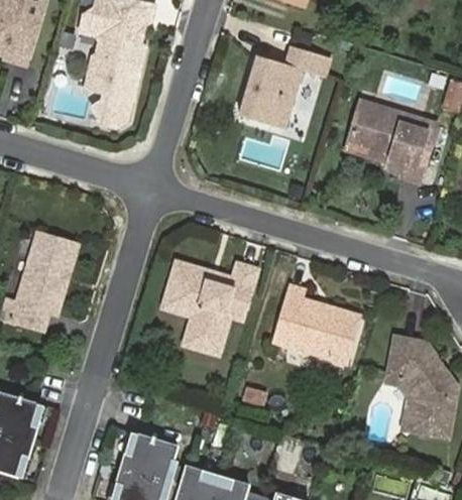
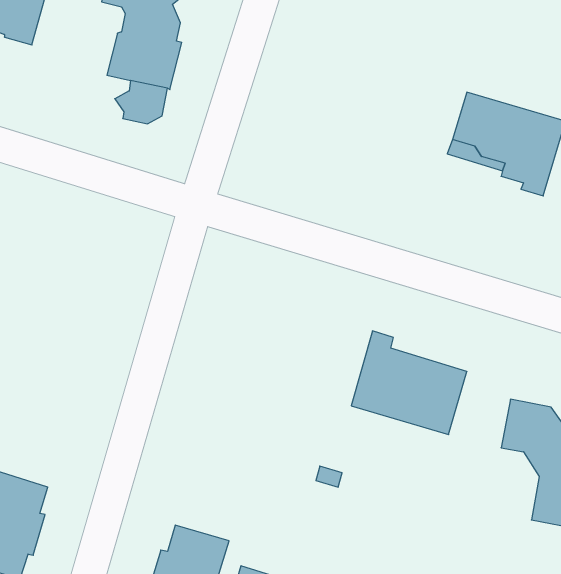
building: [239,45,328,128] -> none
building: [11,233,76,330] -> none
building: [162,262,255,353] -> none

